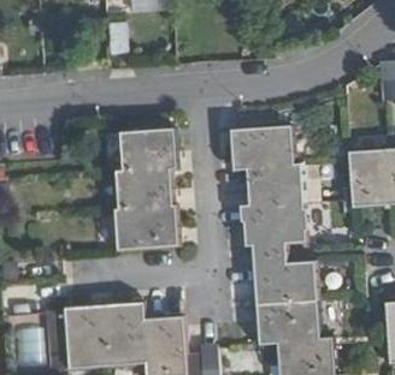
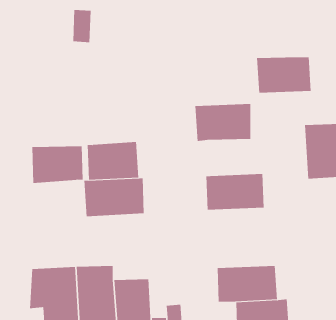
building: [119,130,176,171] -> [32,146,84,183]
building: [246,165,306,204] -> [256,57,312,93]
building: [253,262,319,304] -> none

